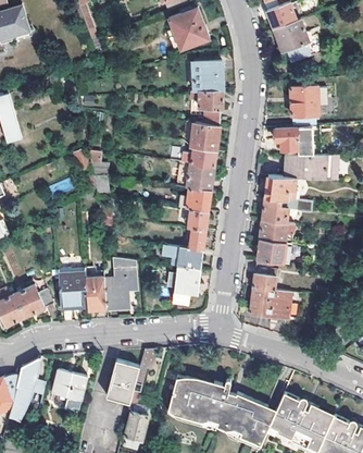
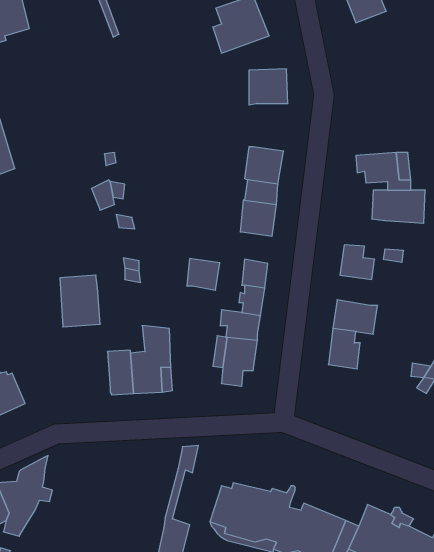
building: [275,20,327,64] -> none
building: [290,86,320,117] -> none
building: [198,90,224,126] -> none
building: [266,176,297,199] -> none
building: [187,187,212,211] -> [187,259,220,290]
building: [261,220,296,244] -> none
building: [60,268,90,307] -> [60,275,100,327]
building: [16,285,53,317] -> none
building: [251,287,292,319] -> none
building: [107,359,141,403] -> none
building: [51,369,88,408] -> none

